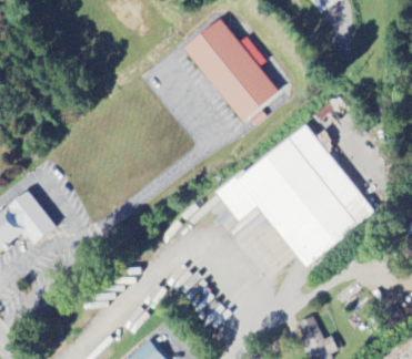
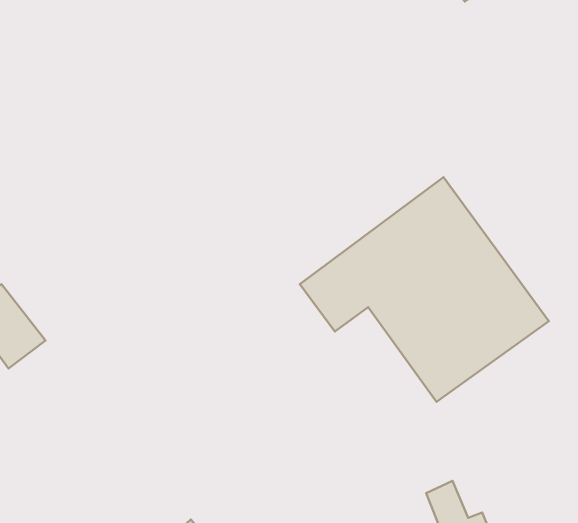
building: [183,17,280,120] -> none

